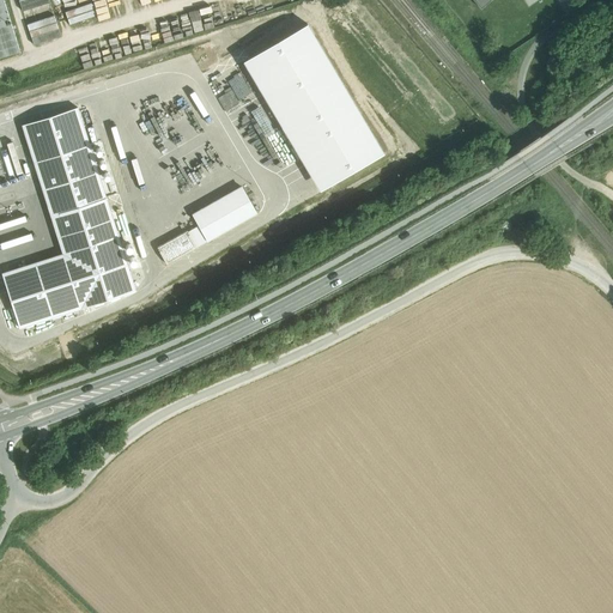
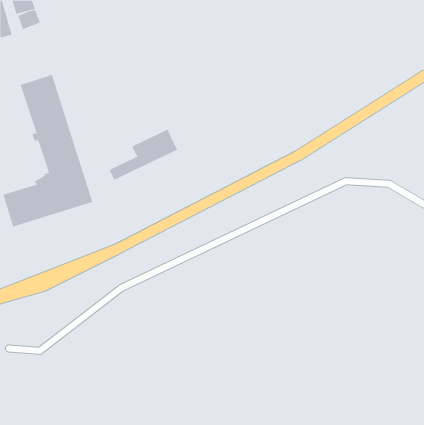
building: [241,22,384,192] -> none

